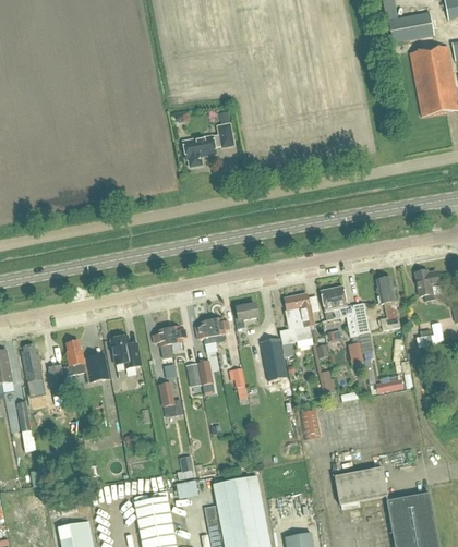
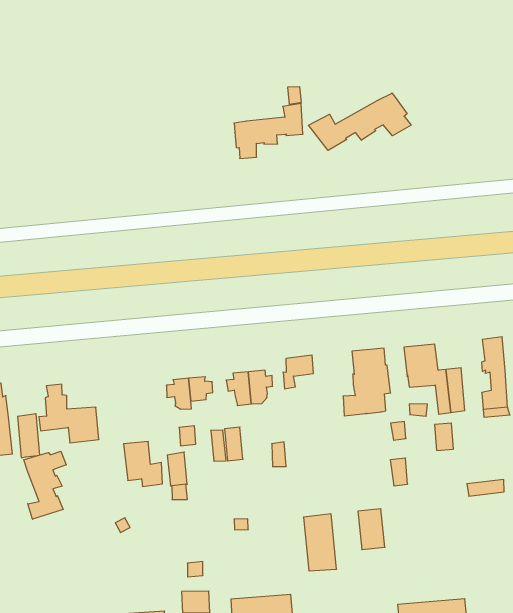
building: none -> [308,93,411,150]
building: [110,336,141,368] -> [124,441,162,486]
building: [260,338,287,380] -> [303,514,337,571]
building: none -> [24,451,66,519]

